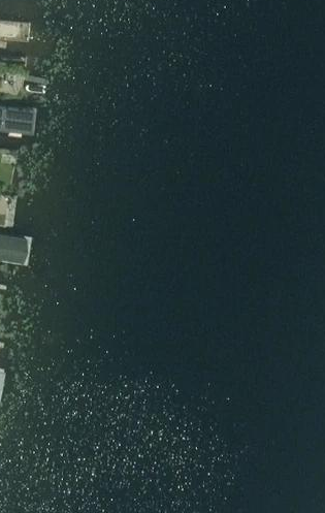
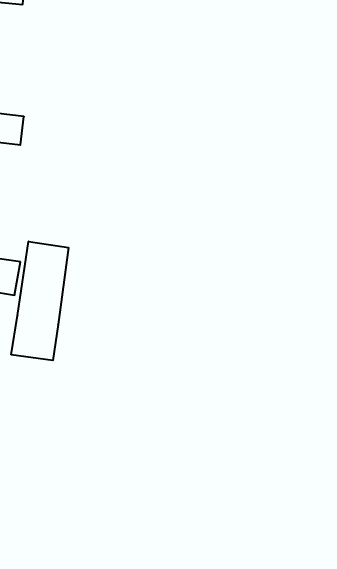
building: none -> [11,241,68,360]

